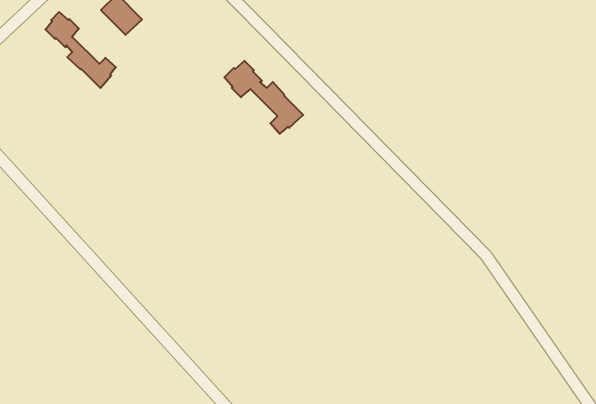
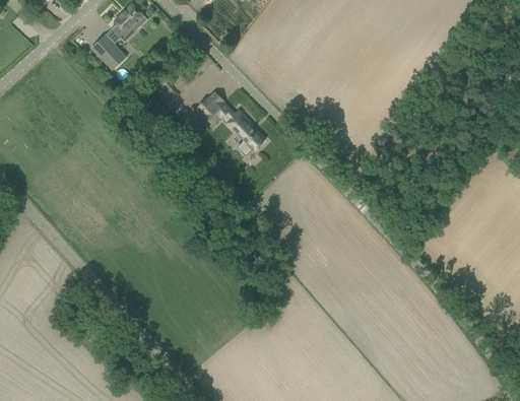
building: [45,12,116,88] -> none

